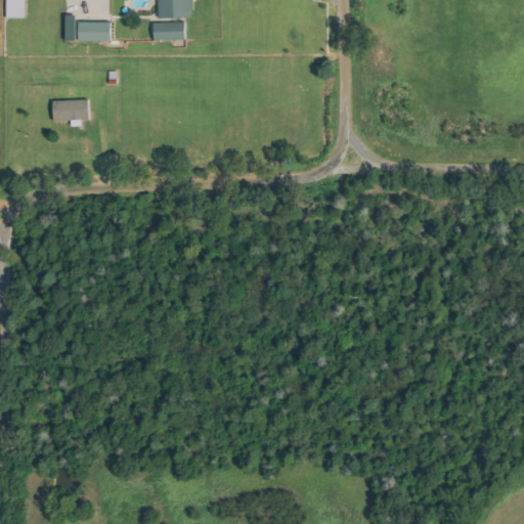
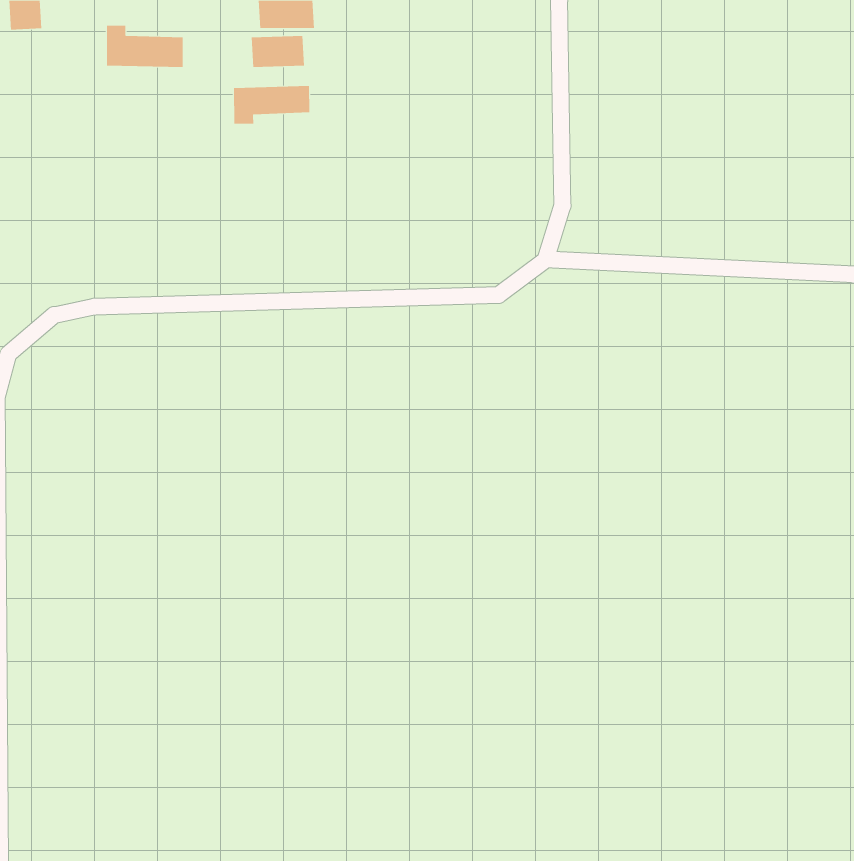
building: none -> [234,85,310,125]
building: [51,100,89,121] -> none

